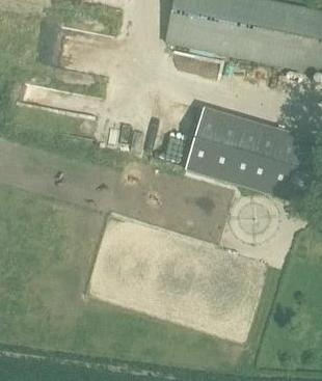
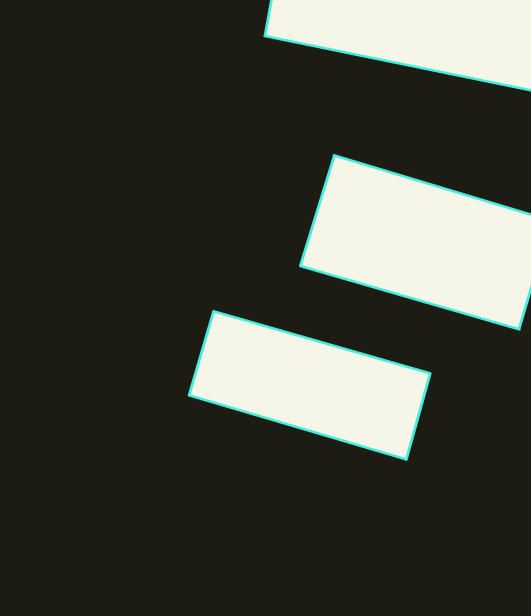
building: none -> [189,311,430,460]

